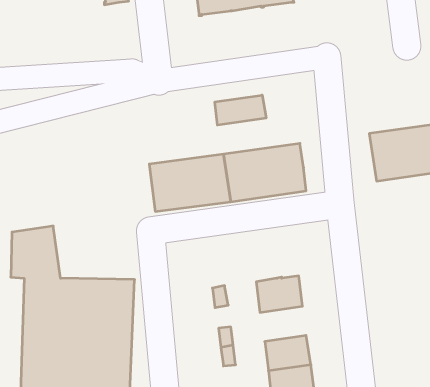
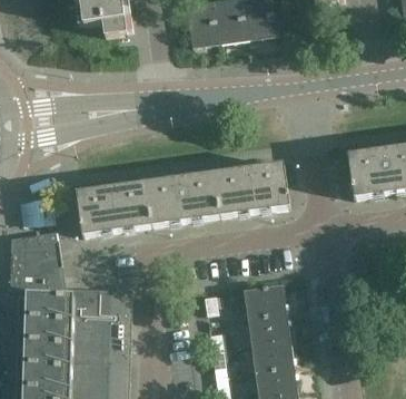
building: [215,95,266,125] -> none
building: none -> [75,182,149,235]
building: none -> [245,312,287,344]

